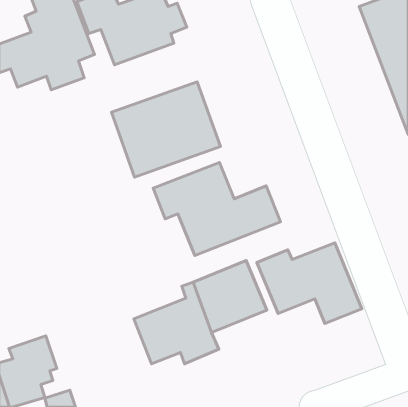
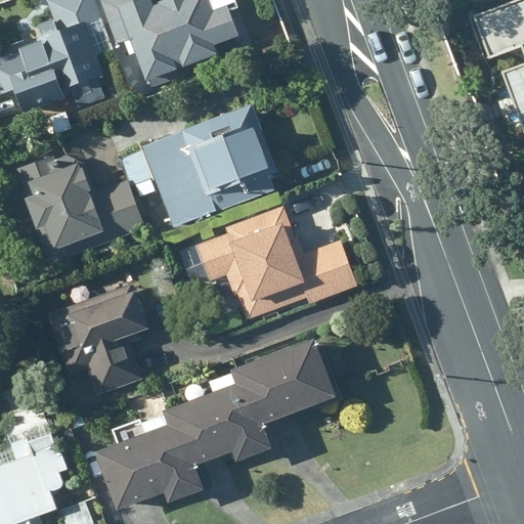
building: none -> [21,162,146,265]
building: none -> [48,282,148,391]
building: [257,243,362,324] -> none
building: none -> [98,407,203,508]

